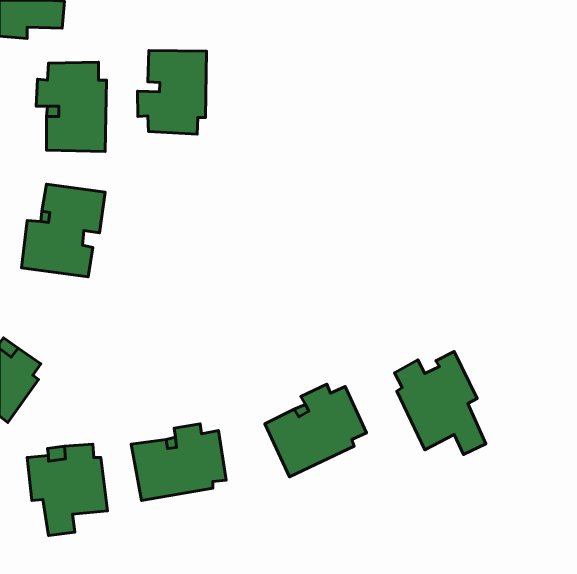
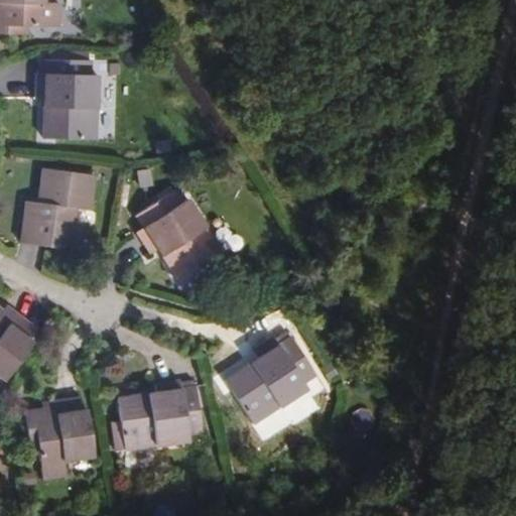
building: [137,50,207,134] -> none
building: none -> [136,189,223,280]
building: [395,352,486,454] -> none

